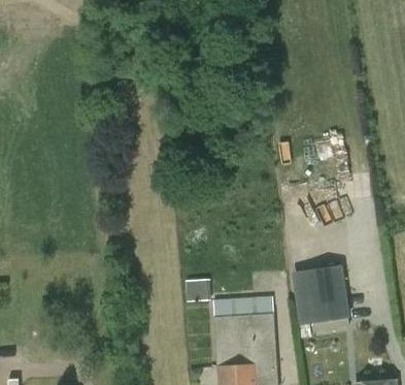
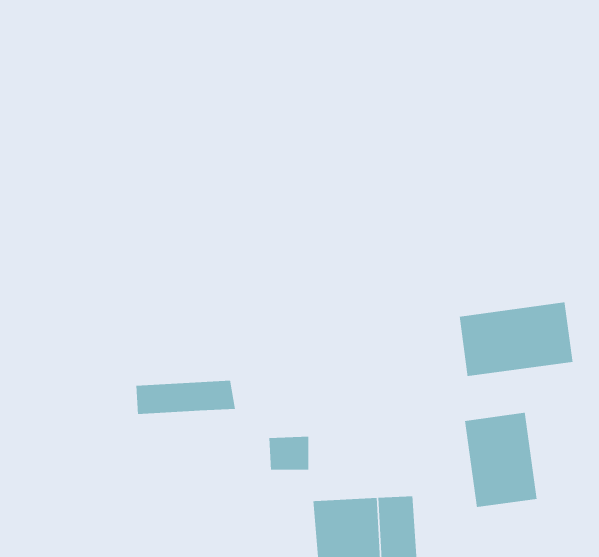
building: none -> [459,302,573,377]
building: [211,297,272,318] -> [135,380,236,414]

